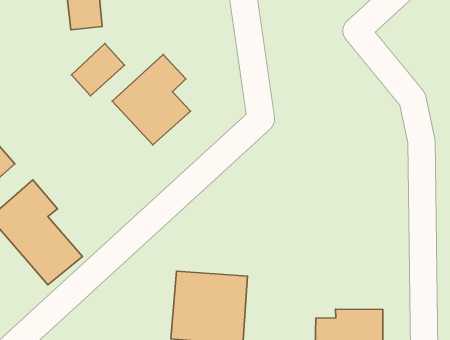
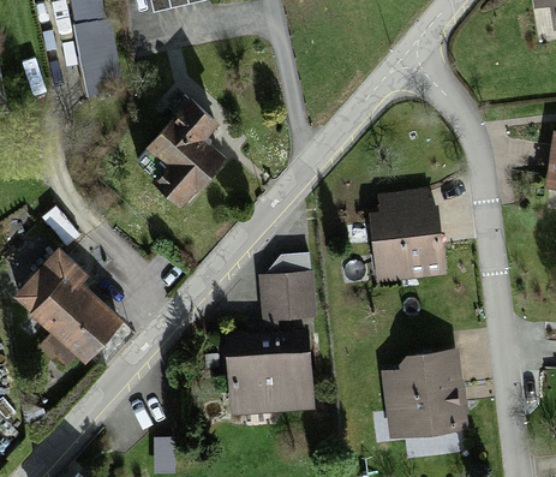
building: [71,44,125,96] -> none
building: none -> [375,195,442,276]
building: none -> [261,272,312,316]

